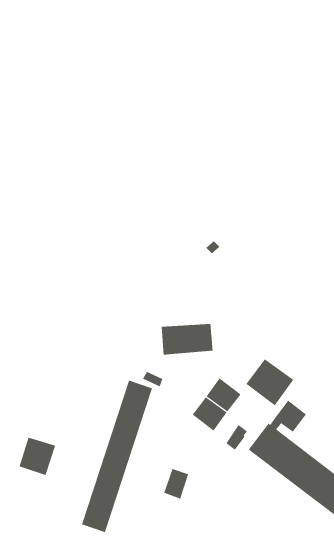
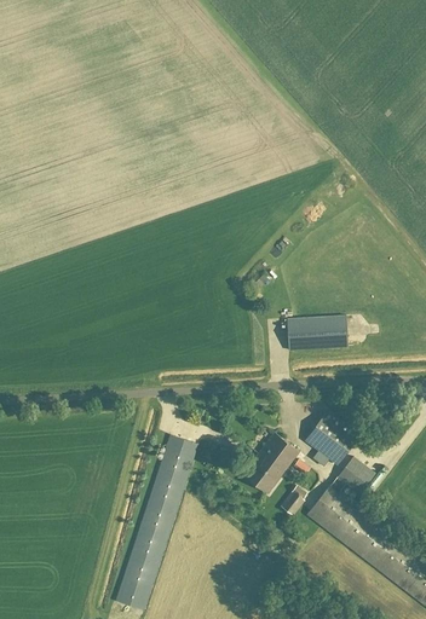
building: [161,323,213,355] -> [286,316,346,352]
building: [19,437,56,476] -> none
building: [163,468,189,499] -> none

